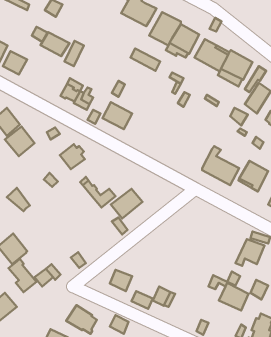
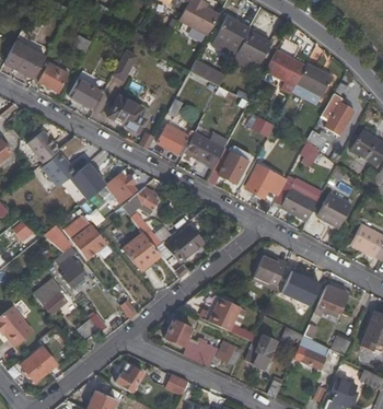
building: [41,32,69,56] -> [69,80,103,108]
building: none -> [184,131,223,168]
building: none -> [218,145,251,183]
building: none -> [70,163,106,199]
building: none -> [244,164,286,201]
building: none -> [121,186,159,215]
building: none -> [63,214,105,258]
building: none -> [123,232,160,272]
building: none -> [254,255,286,288]
building: none -> [282,271,320,306]
building: none -> [208,299,239,330]
building: [9,259,36,292] -> [54,248,86,288]
building: none -> [243,336,275,369]

